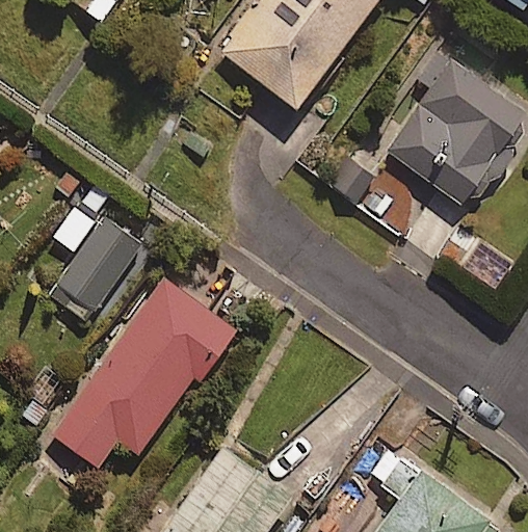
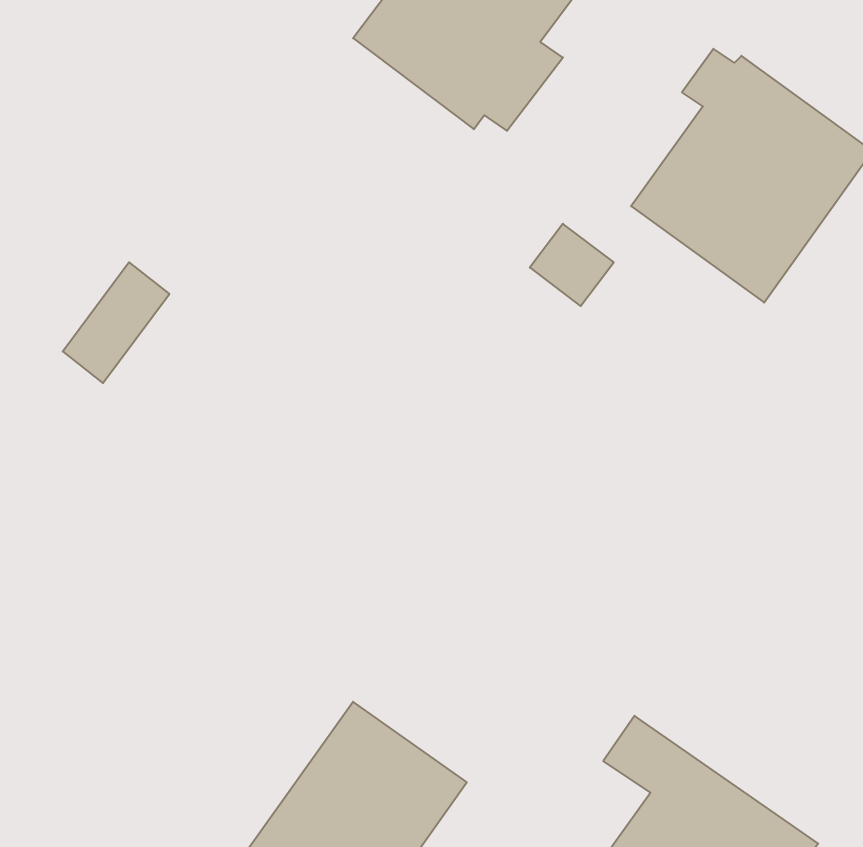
building: [49,218,142,323] -> none
building: [52,281,234,467] -> none

